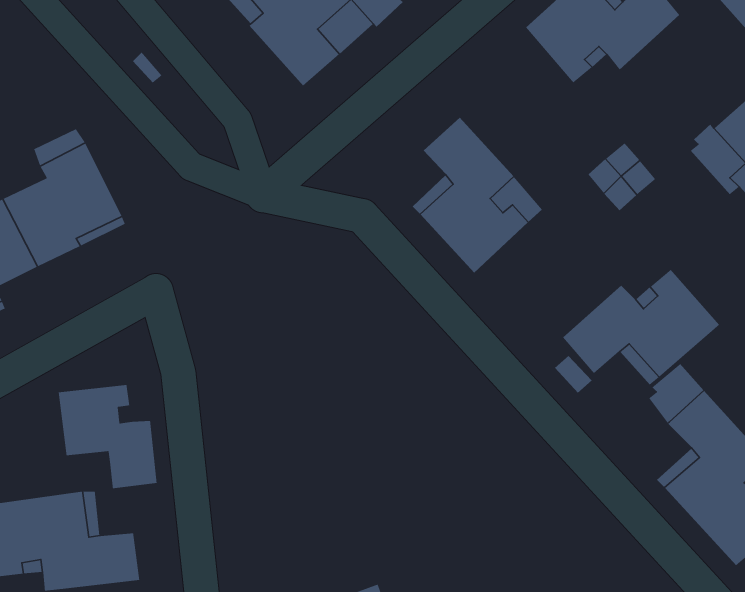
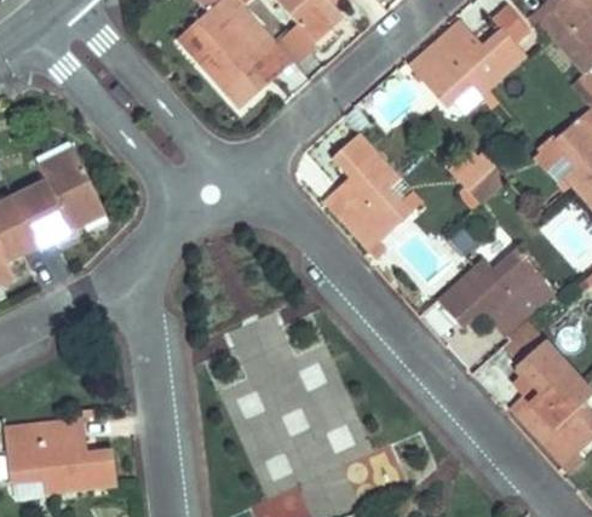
building: [58,384,157,489] -> none

